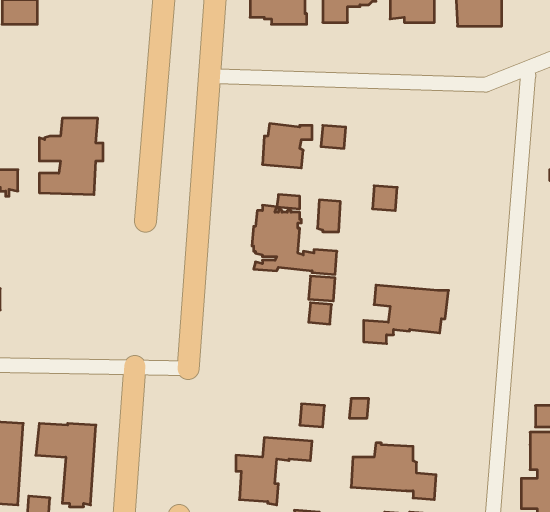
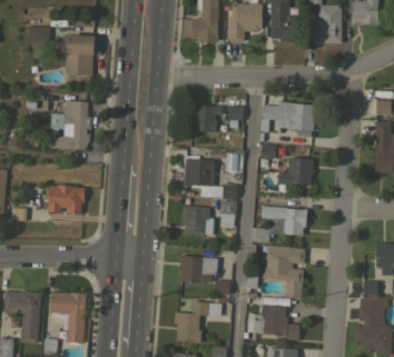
building: none -> [58,34,97,76]
building: none -> [259,102,316,131]
building: none -> [278,158,314,185]
building: none -> [48,185,86,215]
building: none -> [183,206,215,236]
building: none -> [263,246,306,298]
building: none -> [180,256,218,282]

